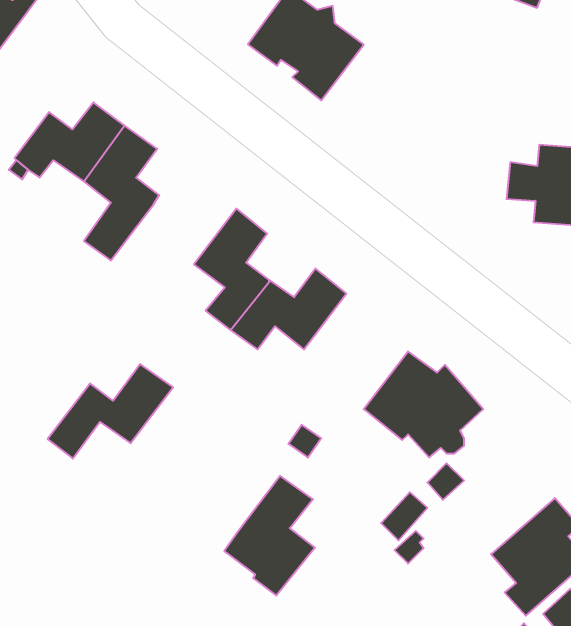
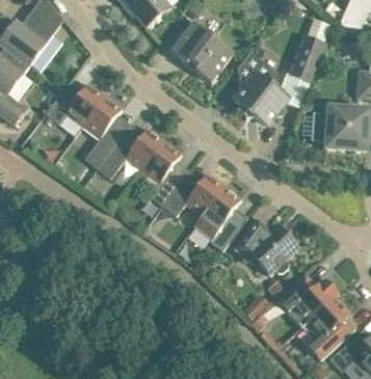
building: none -> [290,32,325,80]
building: none -> [234,49,291,124]
building: [48,364,173,459] -> [97,128,164,179]
building: none -> [276,276,339,326]
building: [224,476,315,596] -> [193,186,242,250]

